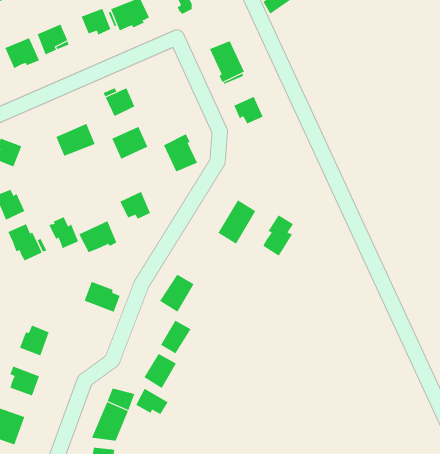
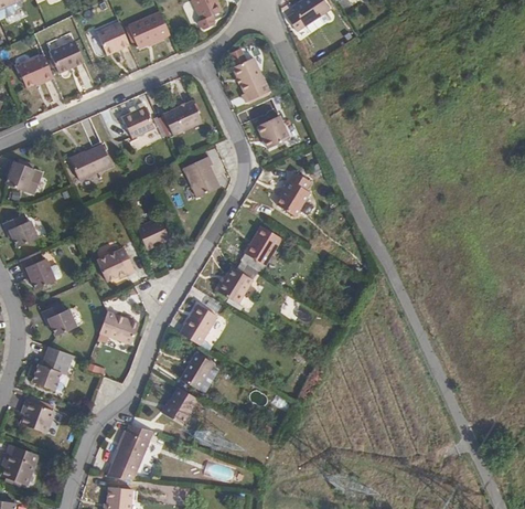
building: [111,126,148,159] -> [163,99,202,135]
building: [262,215,294,256] -> [276,173,309,218]
building: [49,216,79,249] -> [41,301,73,336]
building: none -> [215,265,254,305]
building: [136,388,168,415] -> none

